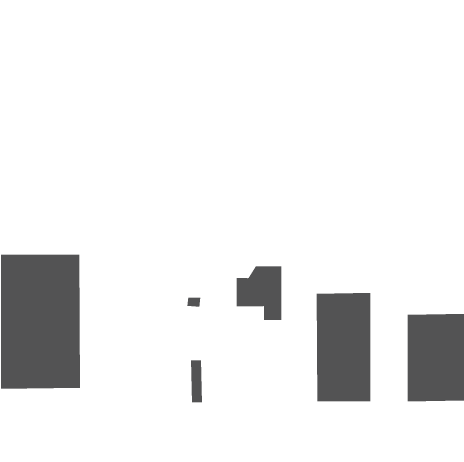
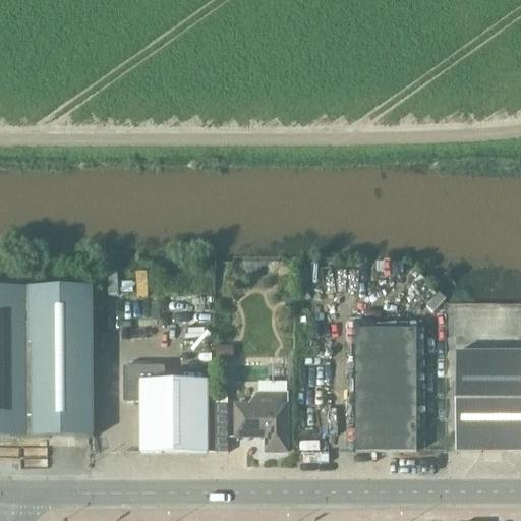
building: [236,266,282,320] -> [235,389,287,450]
building: none -> [123,363,208,450]

